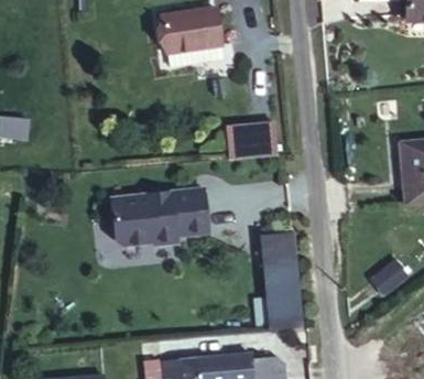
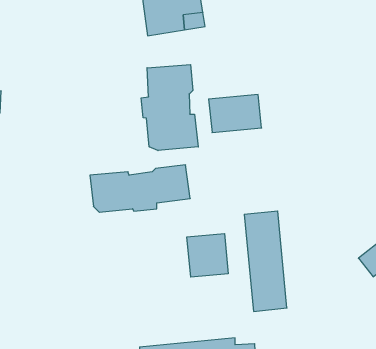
building: none -> [141,65,198,151]
building: none -> [187,234,228,277]

